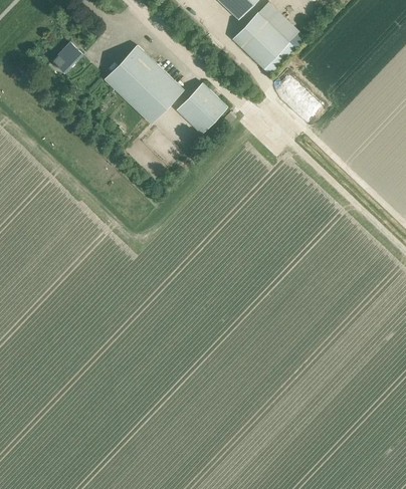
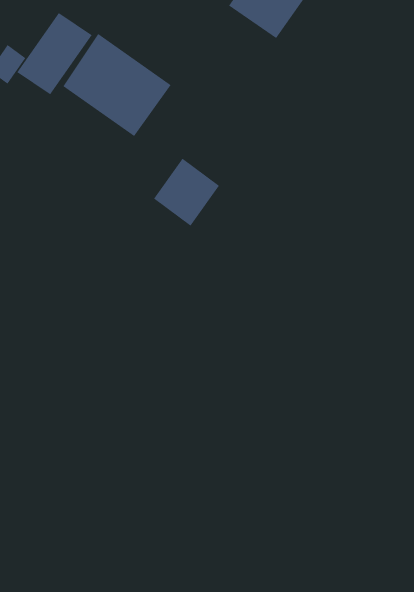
building: none -> [16,12,93,95]
building: [178,82,227,133] -> [153,158,220,227]

